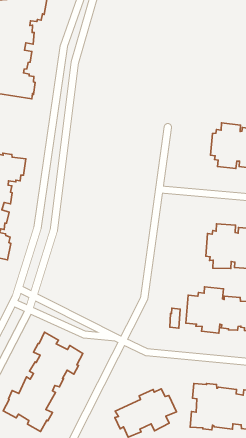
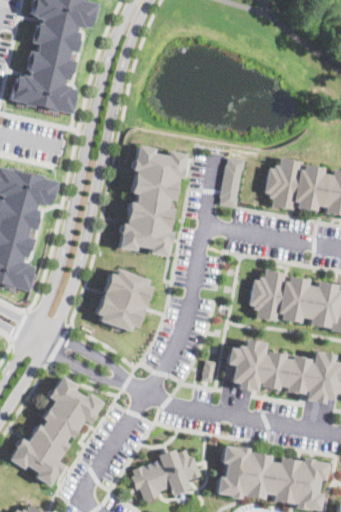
building: none -> [121,146,186,256]
building: none -> [221,158,246,208]
building: none -> [98,269,154,331]

